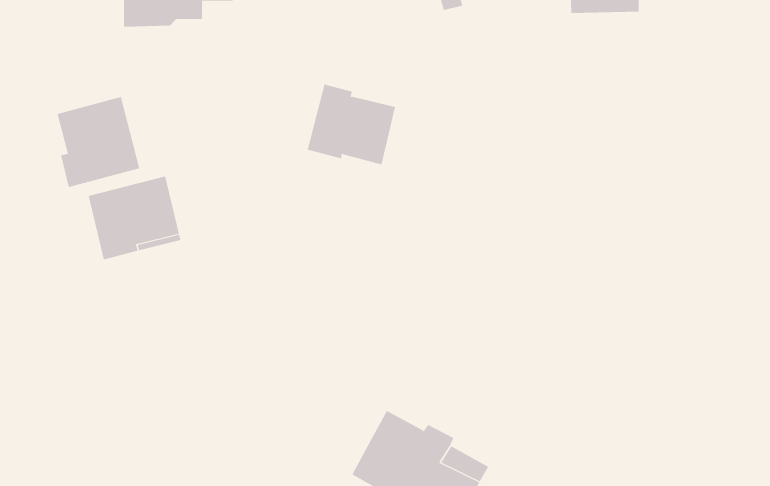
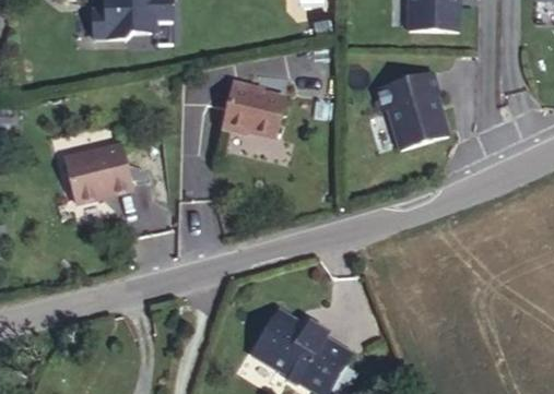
building: none -> [373,71,448,151]
building: [57,96,140,188] -> none

